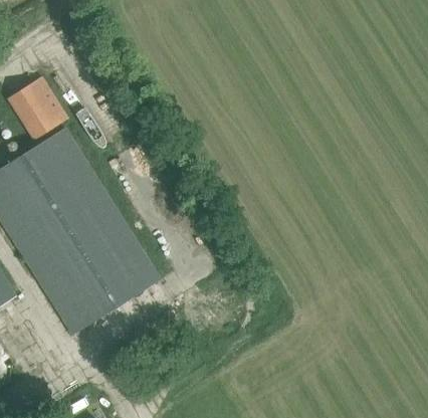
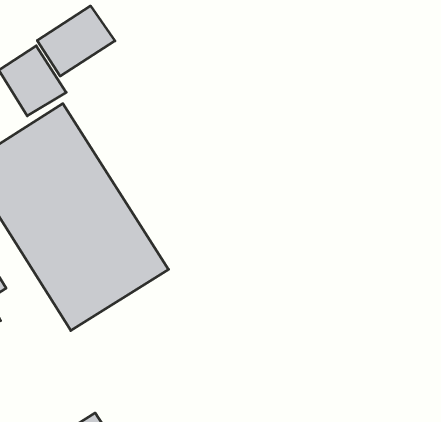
building: none -> [37,6,115,76]

